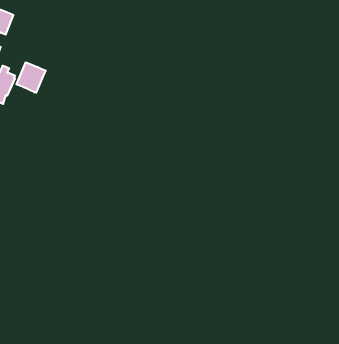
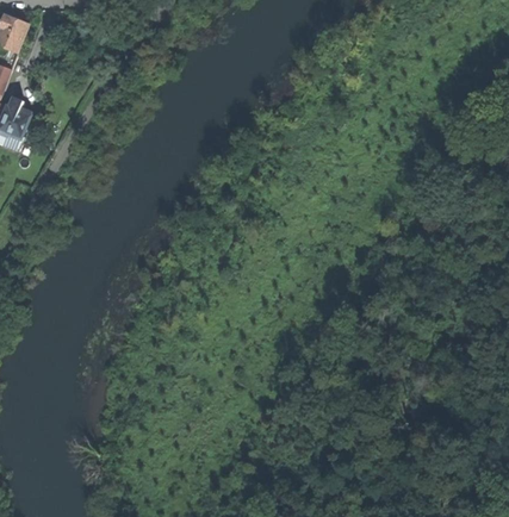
building: [16,62,46,93] -> none

